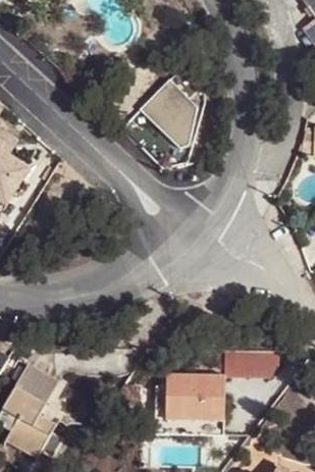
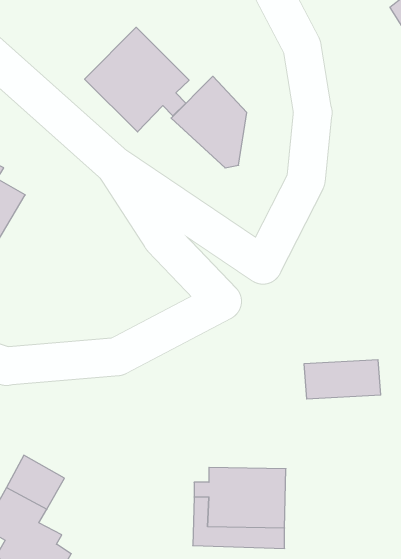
building: none -> [85,27,189,132]
building: [227,346,285,375] -> [304,360,381,399]

